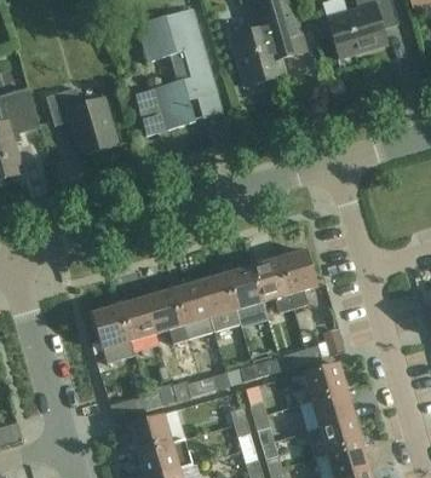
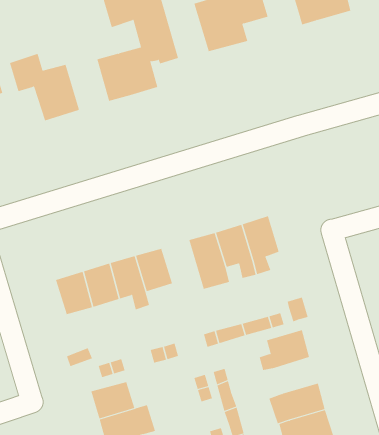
building: [200,273,241,332] -> none
building: [312,391,356,427] -> none

